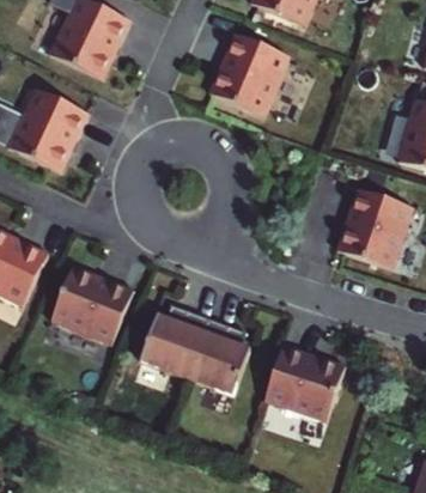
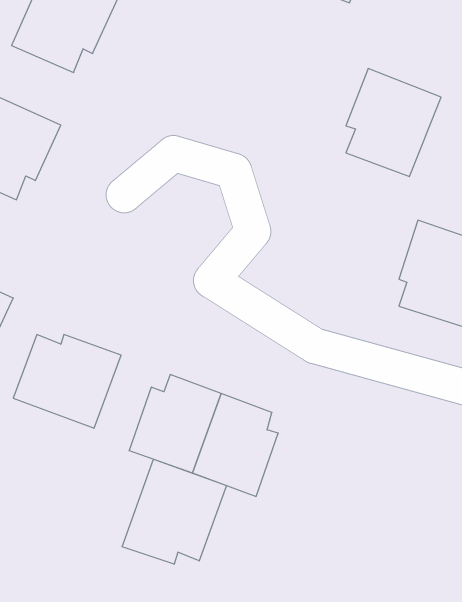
building: [217,32,288,114] -> [346,69,441,177]
building: [263,343,341,420] -> none
building: none -> [122,459,227,564]

